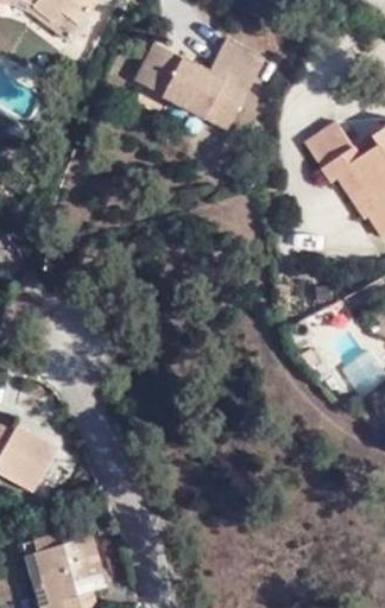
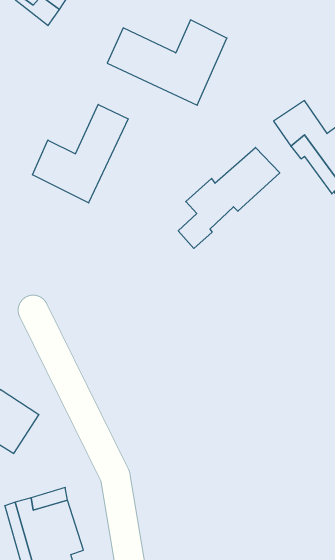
building: none -> [33,104,128,203]
building: none -> [178,147,280,248]

